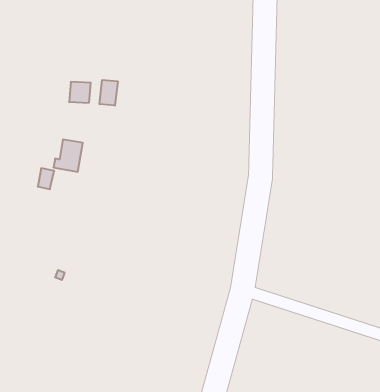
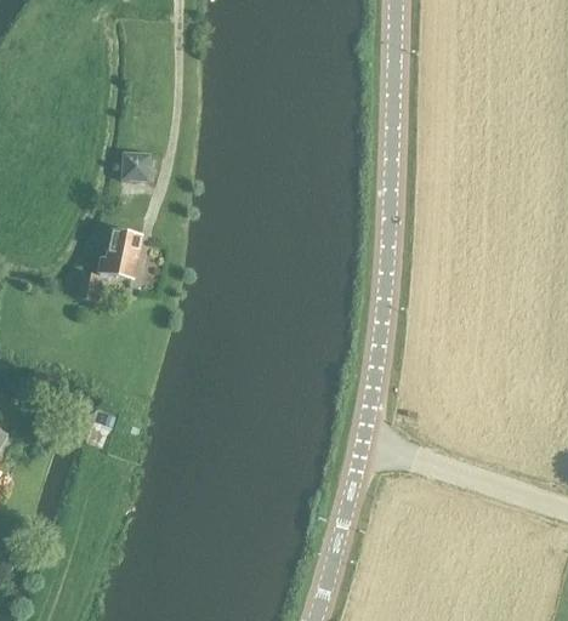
building: [100,80,118,106] -> none

